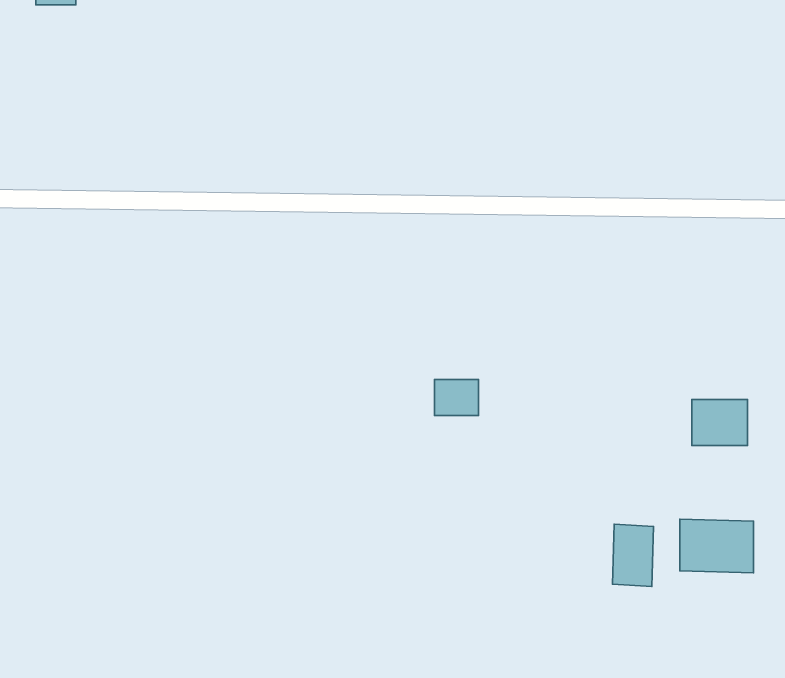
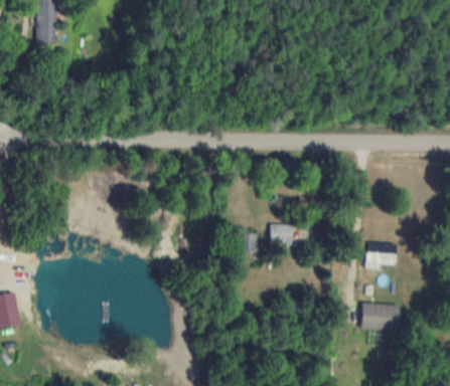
building: none -> [271,224,293,246]
building: [612,524,654,586] -> none

